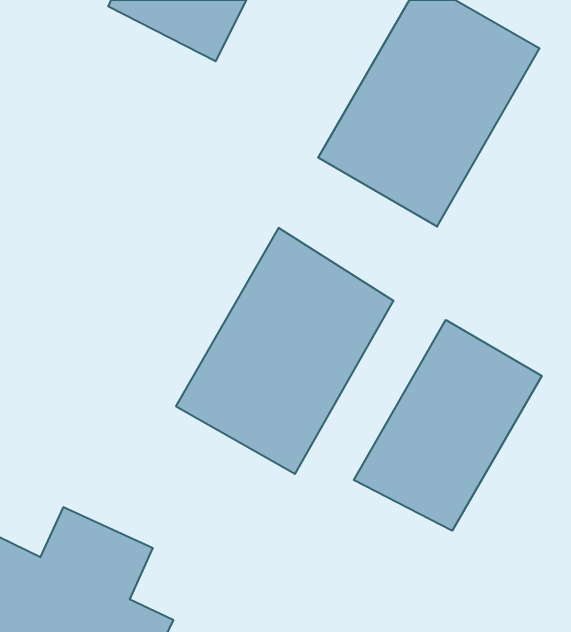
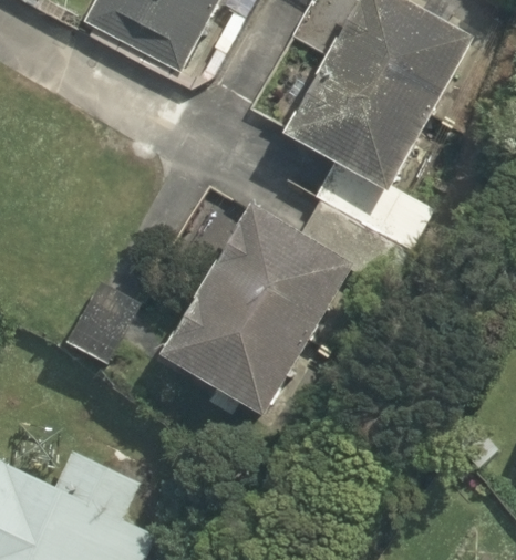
building: [354,320,542,531] -> none

